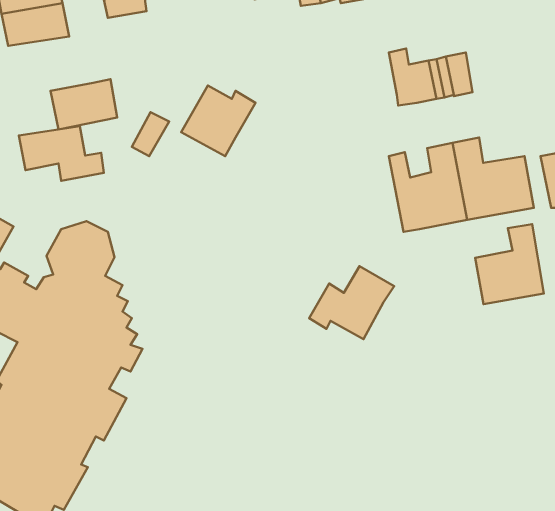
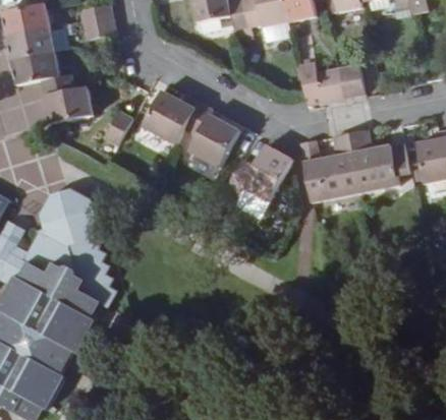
building: none -> [183,102,239,167]
building: [19,126,104,181] -> [9,51,74,93]
building: [475,224,544,304] -> none
building: [309,266,394,339] -> [226,144,291,200]

